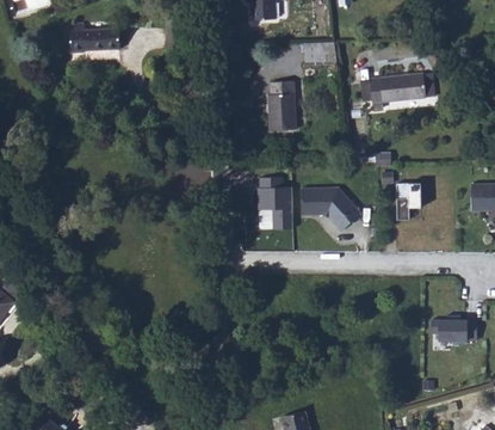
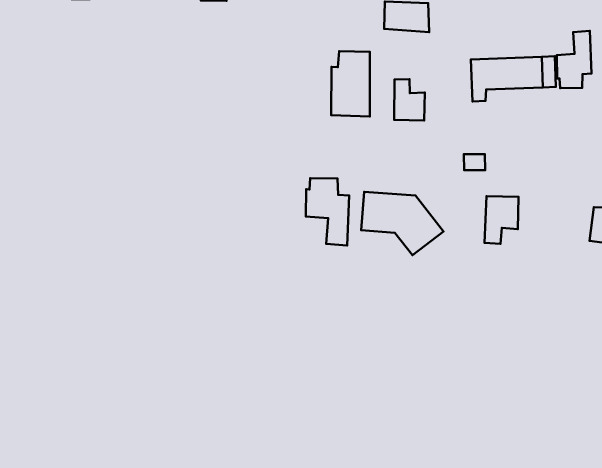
building: none -> [557,31,591,88]
building: none -> [394,79,425,120]
building: [434,318,481,346] -> none

